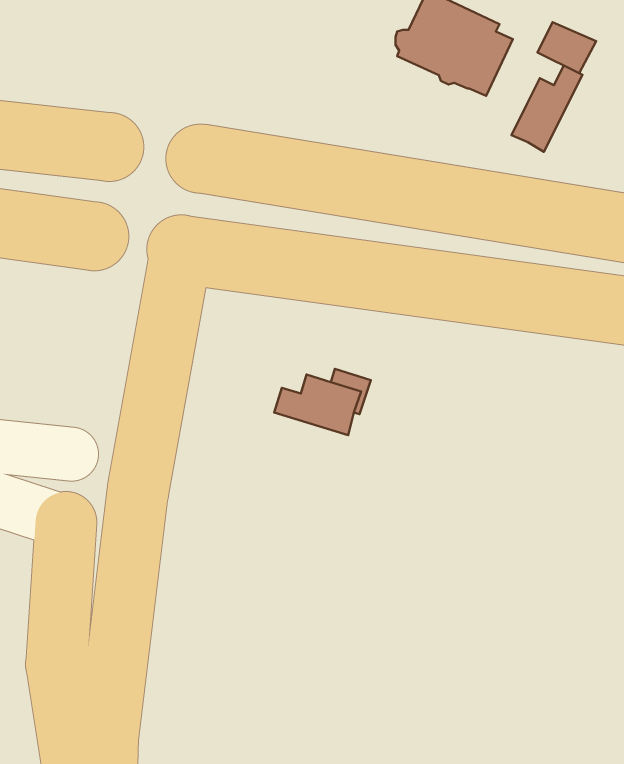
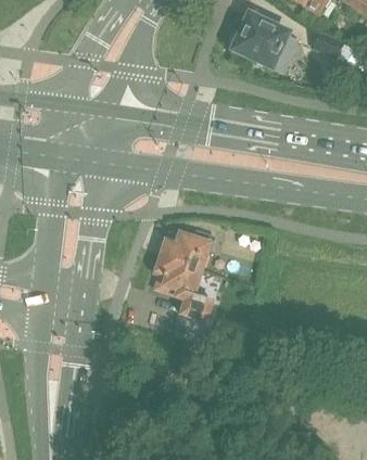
building: [511,66,582,152] -> none
building: none -> [151,252,212,319]

